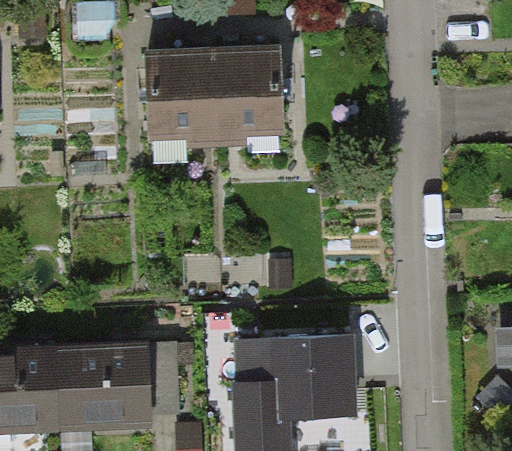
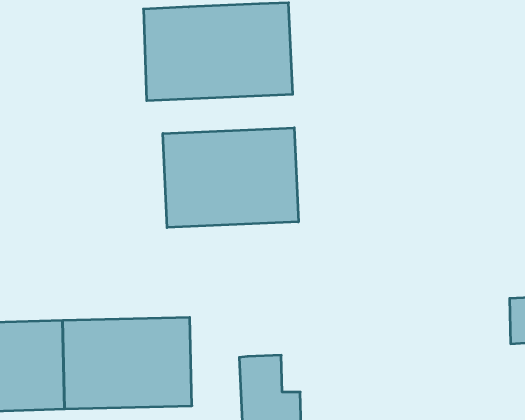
building: none -> [163,128,298,228]
building: [240,337,355,416] -> none

